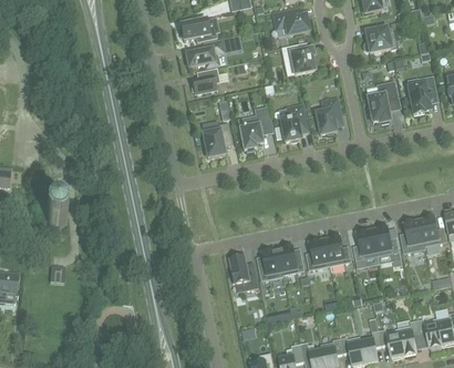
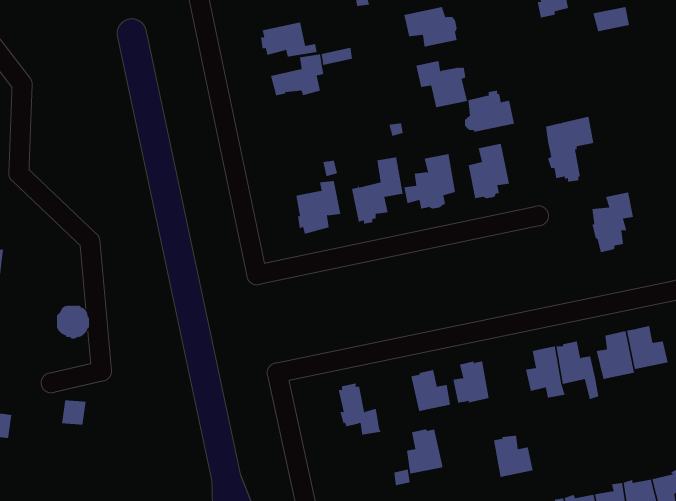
building: [363,24,396,52] -> [464,90,515,132]
building: [192,67,220,93] -> none
building: [409,74,436,114] -> [592,192,634,253]
building: [326,237,352,265] -> [493,435,534,477]
building: [259,251,283,280] -> [406,429,443,474]

